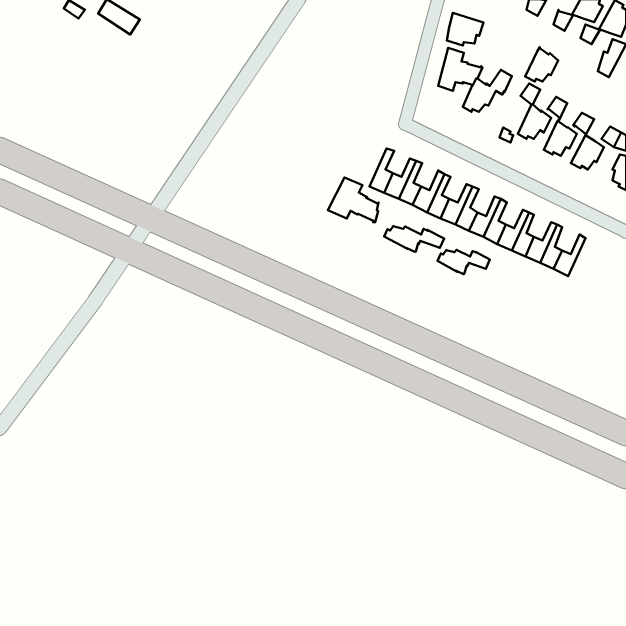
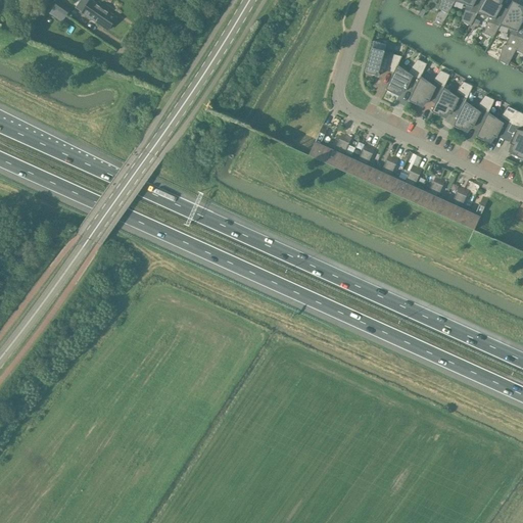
building: [447,13,484,46] -> none
building: [525,47,558,81] -> [408,76,435,104]
building: [328,178,378,222] -> none
building: [384,226,444,252] -> none
building: [438,250,490,274] -> none

